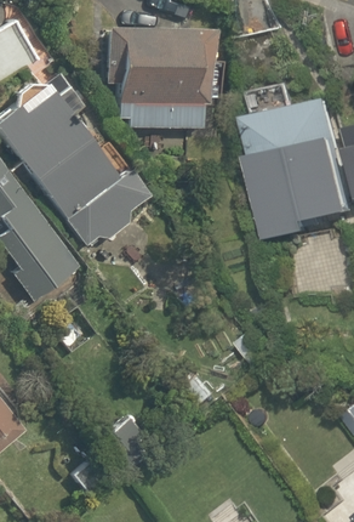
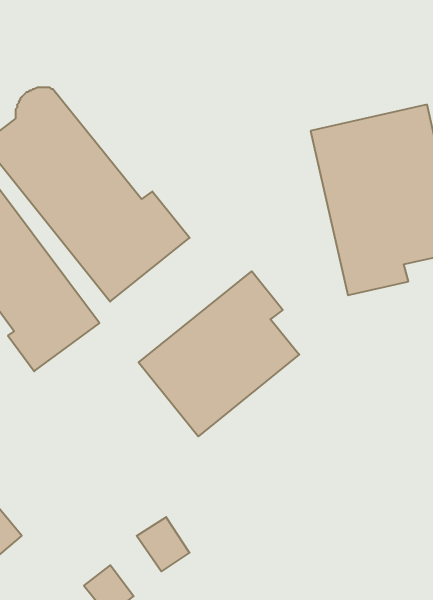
building: [102,25,211,130] -> none
building: none -> [139,271,299,436]

